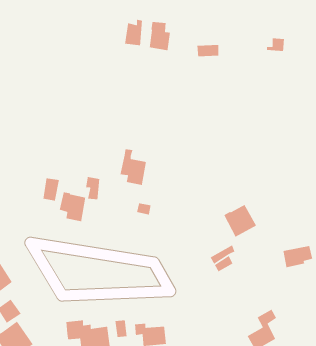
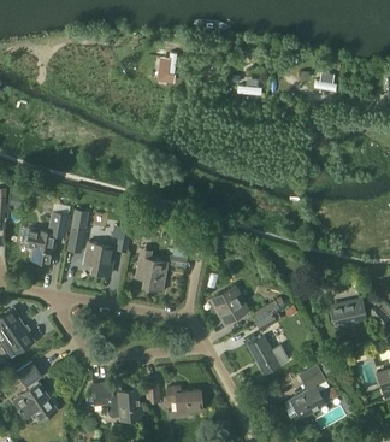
building: [149,21,171,51] -> none
building: [119,149,147,186] -> [136,249,166,290]
building: none -> [26,212,67,264]
building: [223,204,257,238] -> [211,287,248,324]
building: none -> [248,337,289,375]

